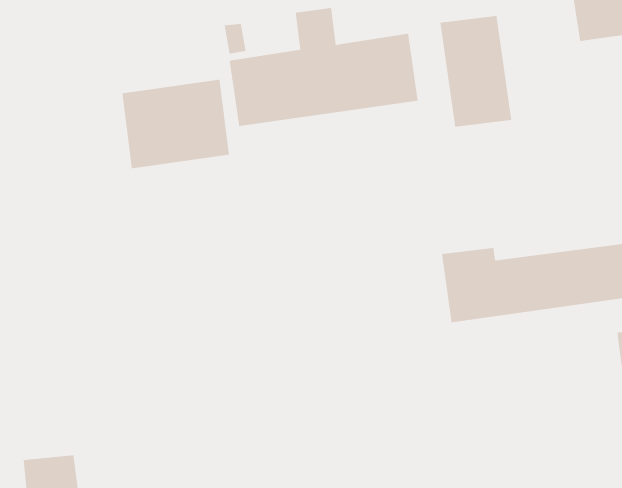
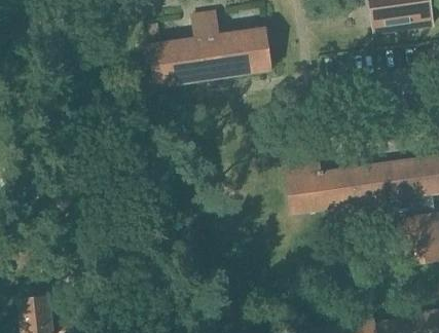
building: [440,15,512,128] -> none
building: [122,79,229,169] -> none

